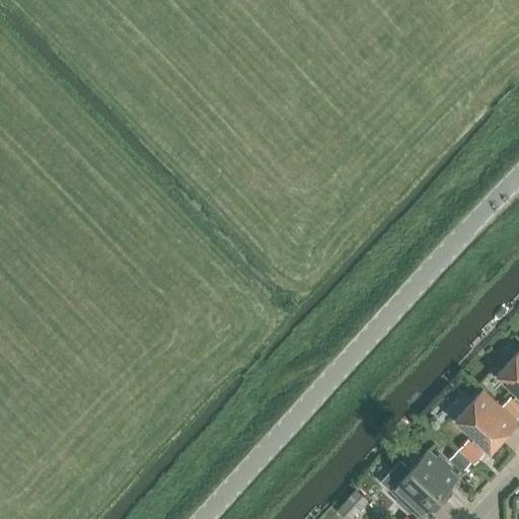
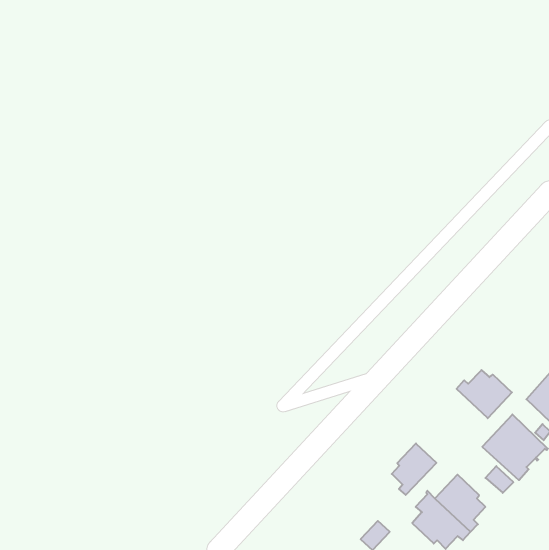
building: none -> [457,370,512,418]
building: none -> [392,443,436,495]

